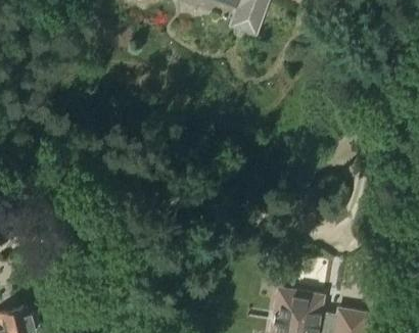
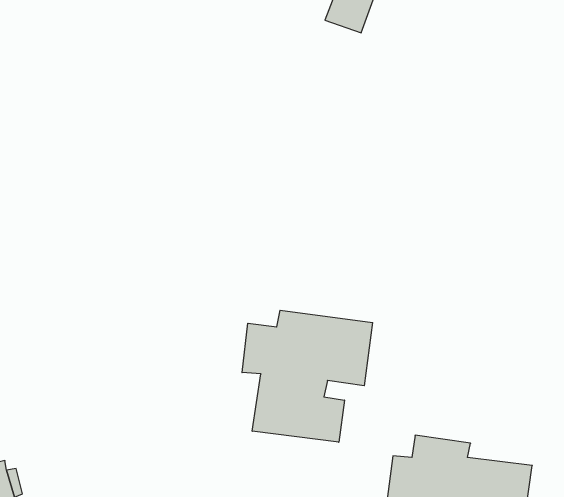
building: none -> [242,310,373,442]

